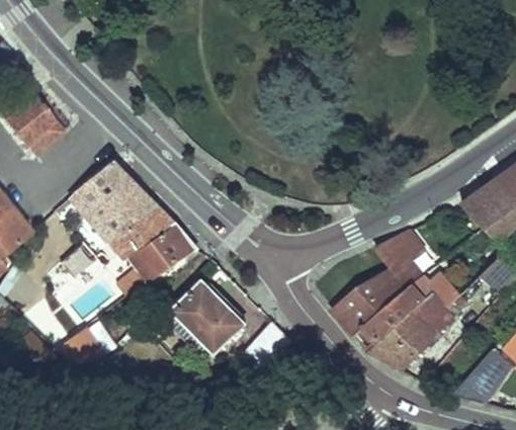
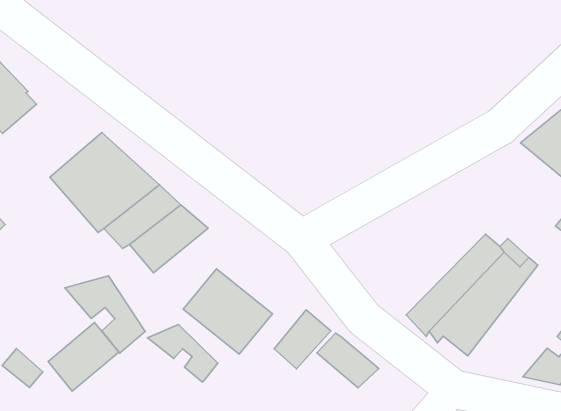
building: [337,226,433,334] -> none
building: none -> [65,276,145,353]
building: none -> [148,324,218,382]
building: none -> [317,333,379,388]

